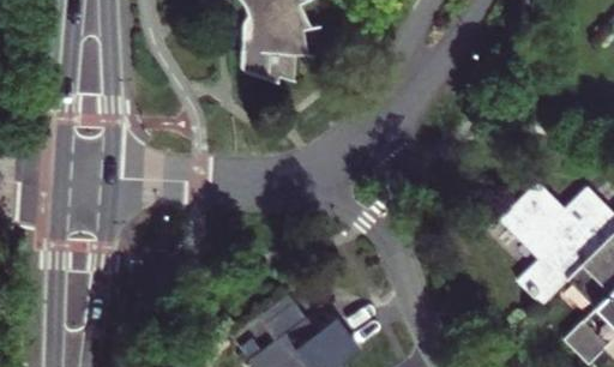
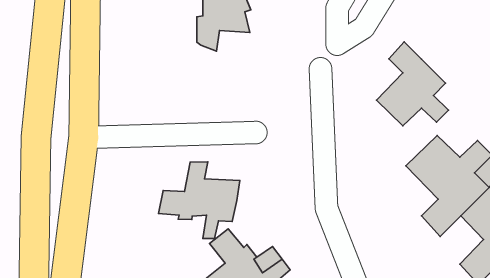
building: none -> [376,42,448,126]
building: none -> [159,162,240,239]

